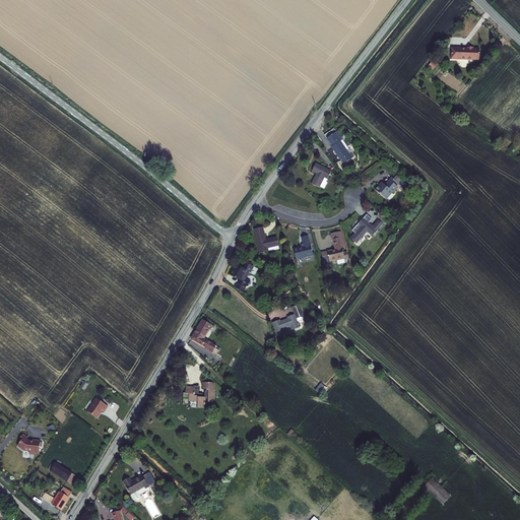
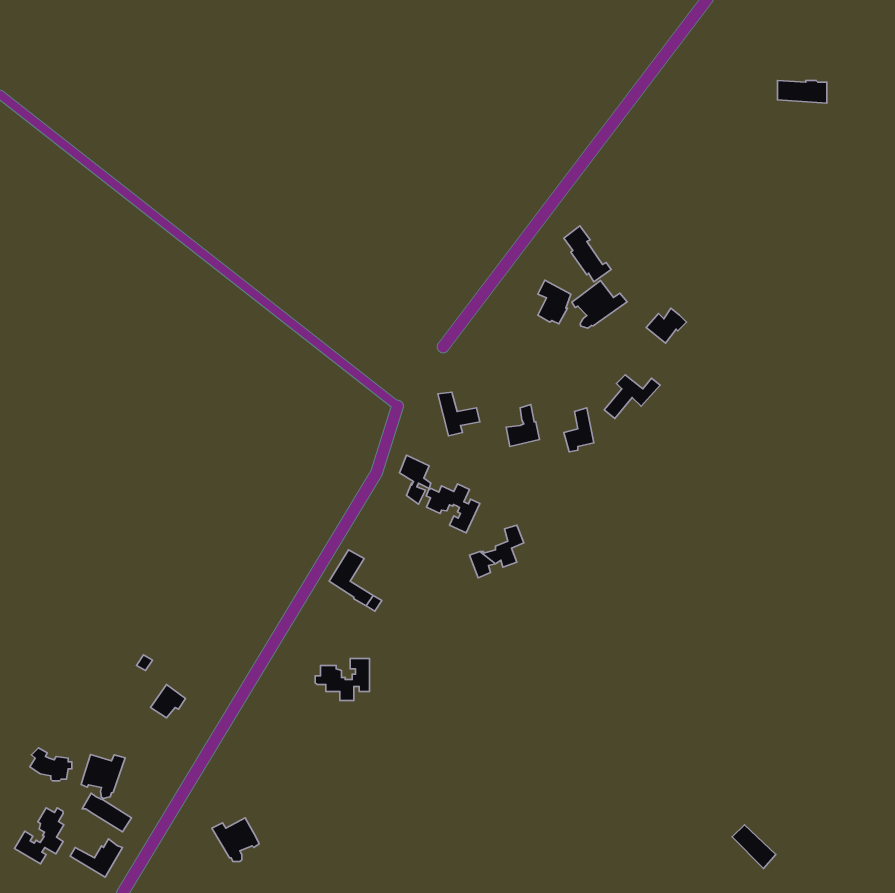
building: none -> [572,281,627,328]
building: none -> [426,484,480,533]
building: none -> [81,754,125,798]
building: none -> [14,808,64,864]

